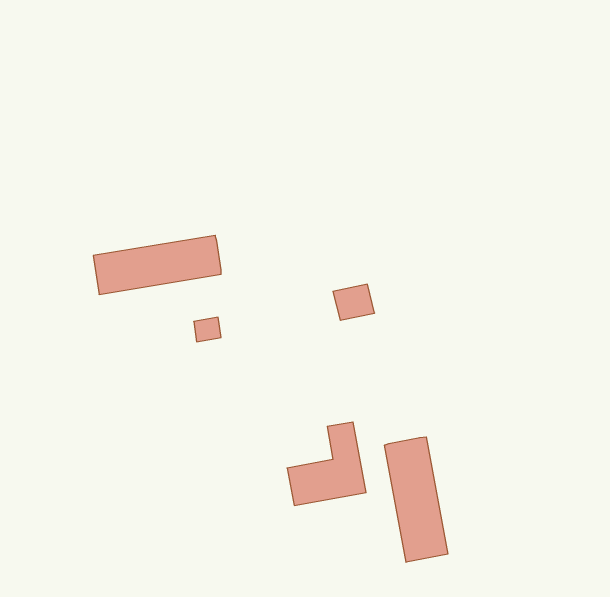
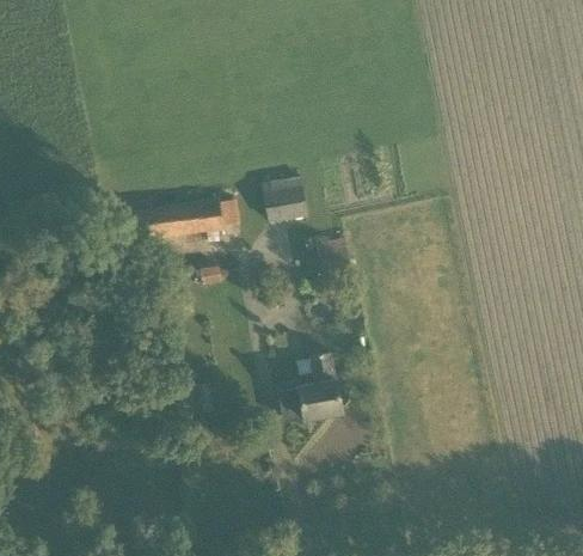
building: none -> [262,176,309,225]
building: [385,437,448,562] -> none

